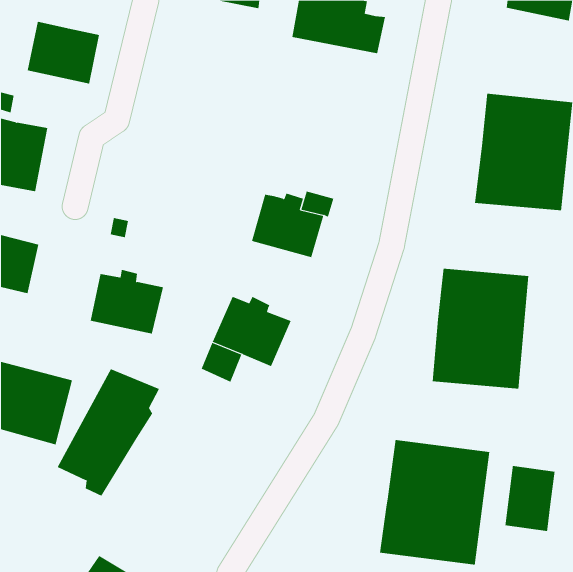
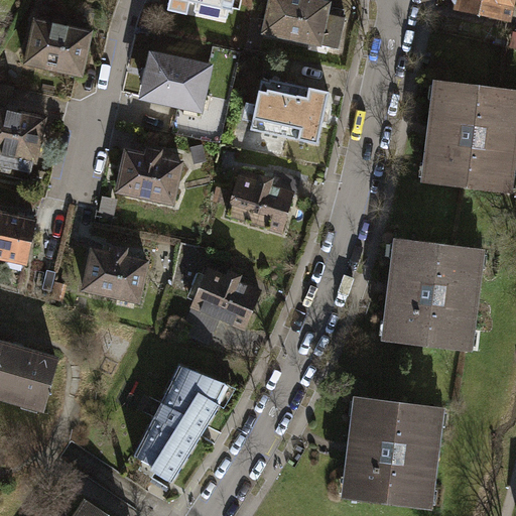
building: none -> [136,48,209,109]
building: none -> [250,81,329,144]
building: none -> [112,144,184,206]
building: [57,369,160,496] -> [131,366,224,481]
building: [505,465,555,532] -> none

